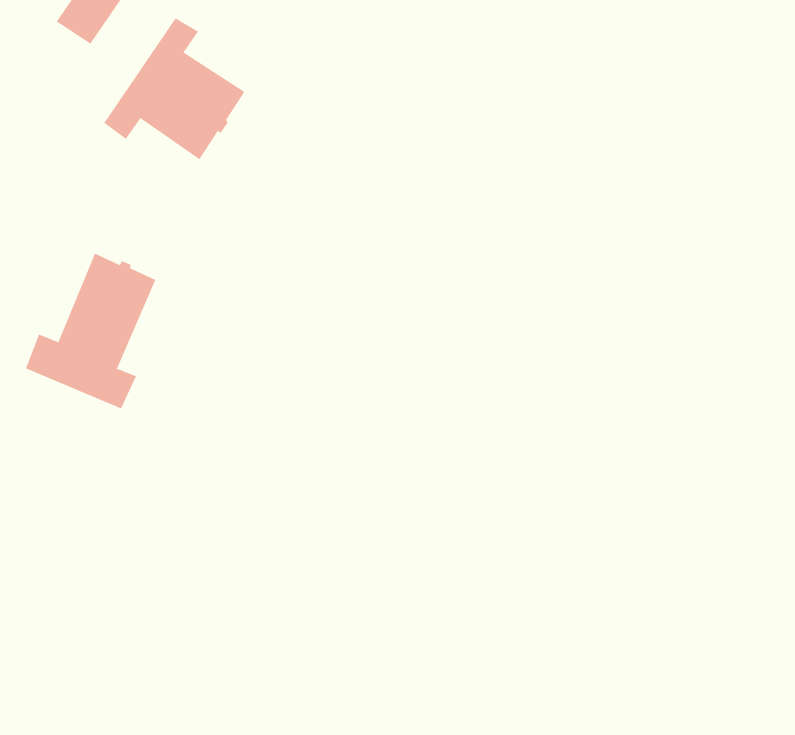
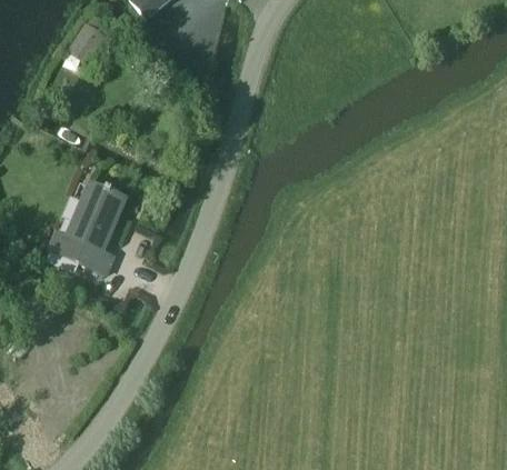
building: [103,17,245,160] -> none

